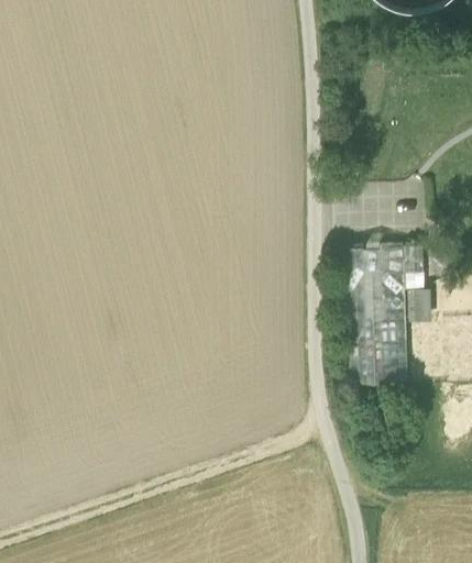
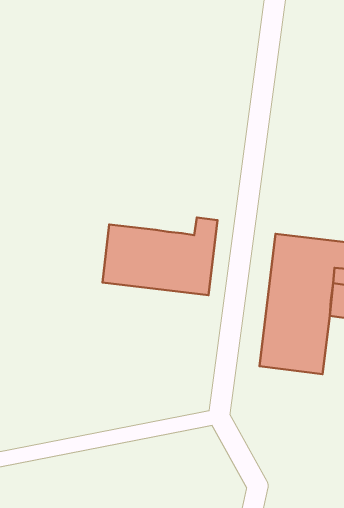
building: none -> [103,217,217,295]

